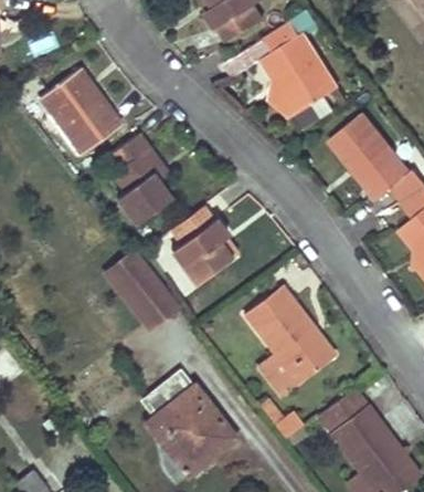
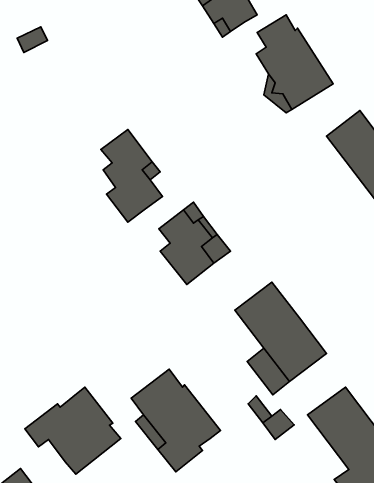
building: [41,67,123,154] -> none
building: [107,252,182,333] -> none
building: none -> [25,387,121,474]

